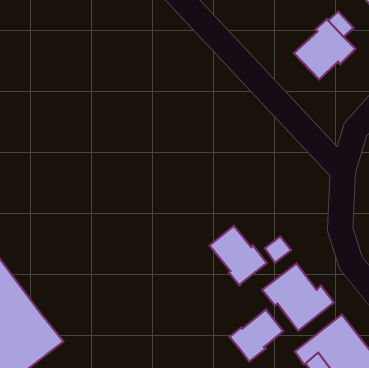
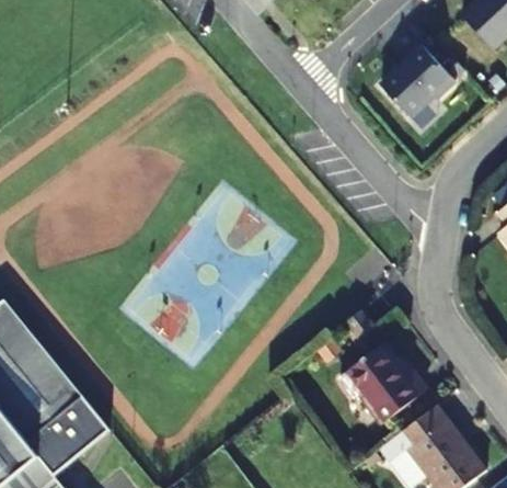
building: [209,226,267,285] -> none
building: [229,309,283,361] -> none

